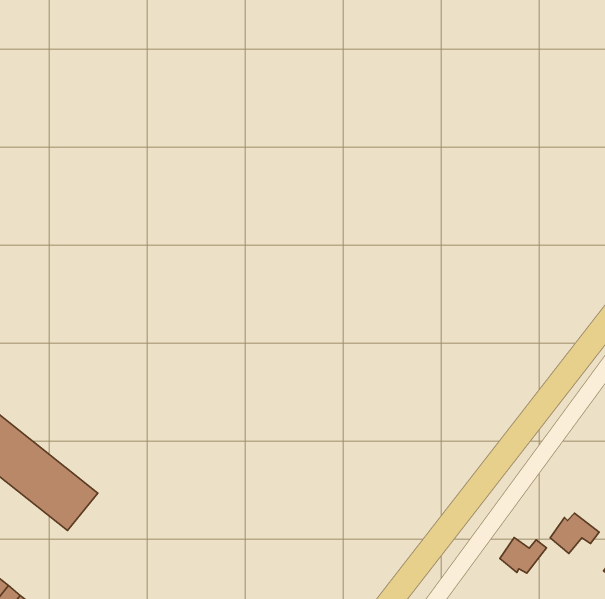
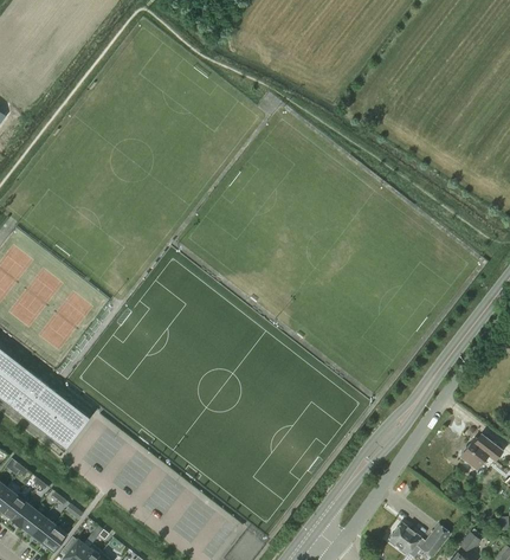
building: [500,538,546,573] -> none

